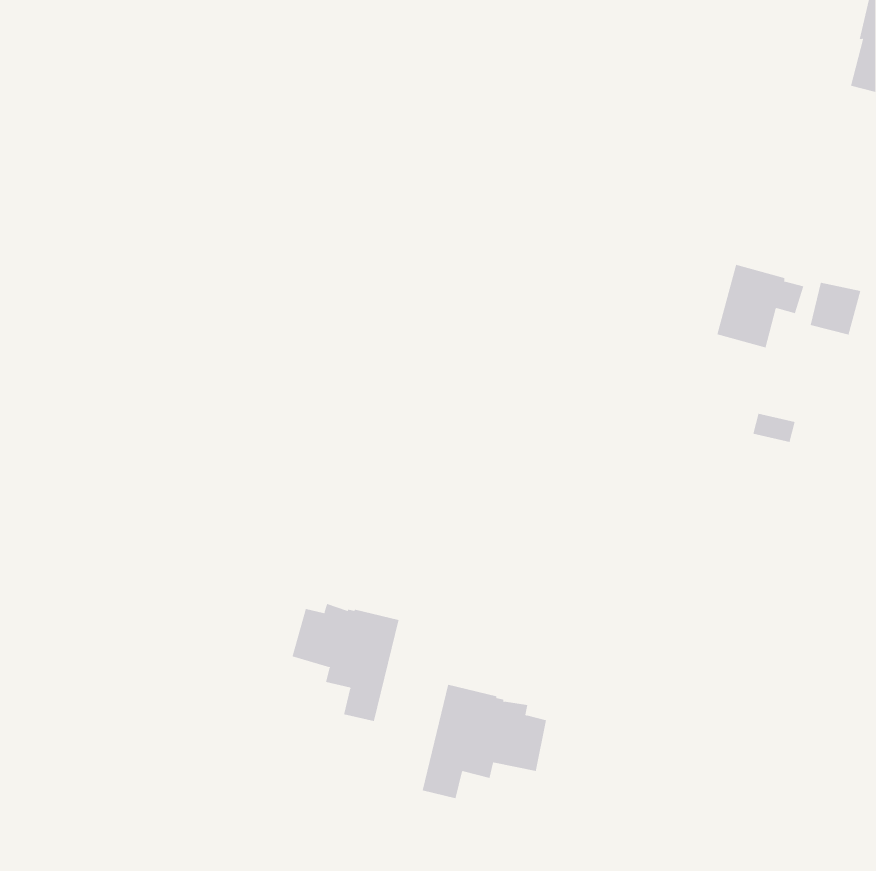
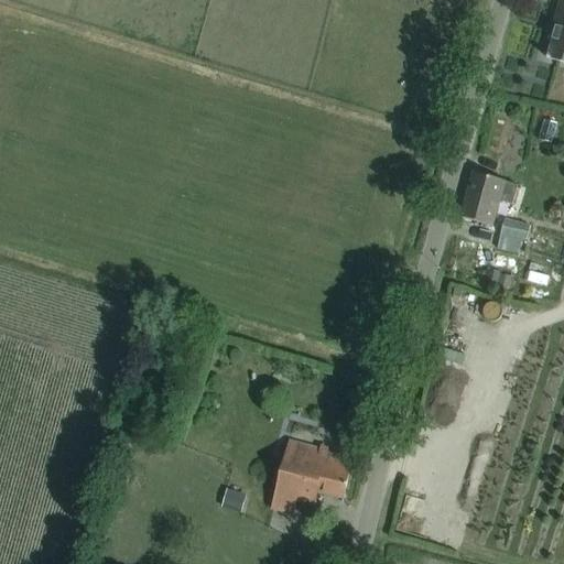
building: [810,282,861,335] -> [497,218,530,252]
building: [292,603,399,722] -> none

